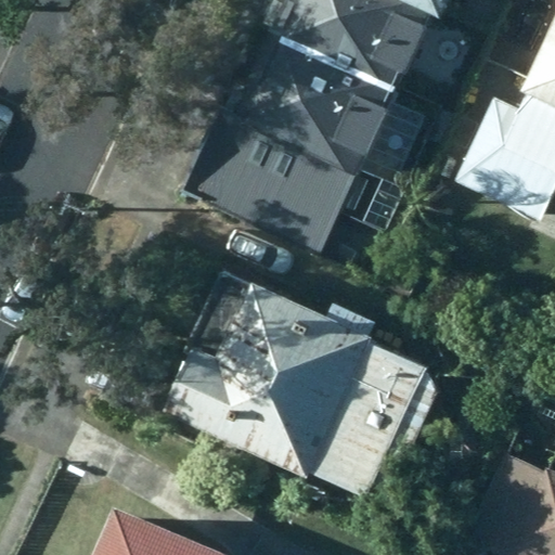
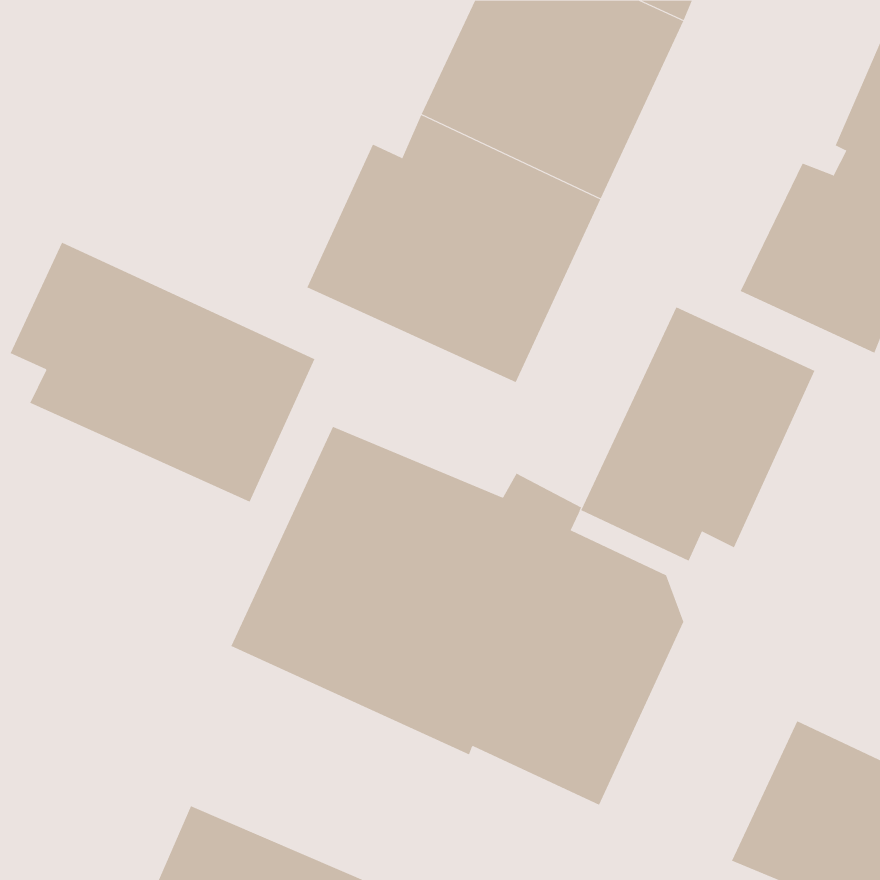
building: none -> [10,242,315,502]
building: none -> [581,306,815,561]

